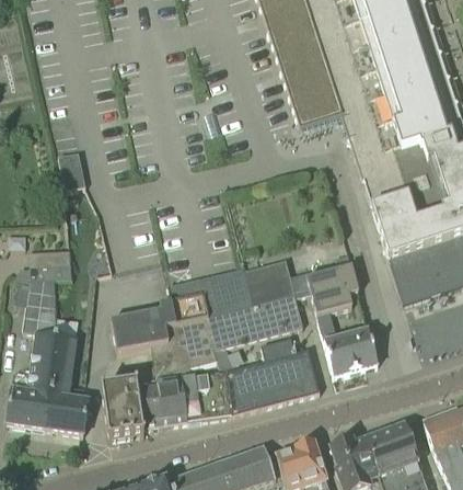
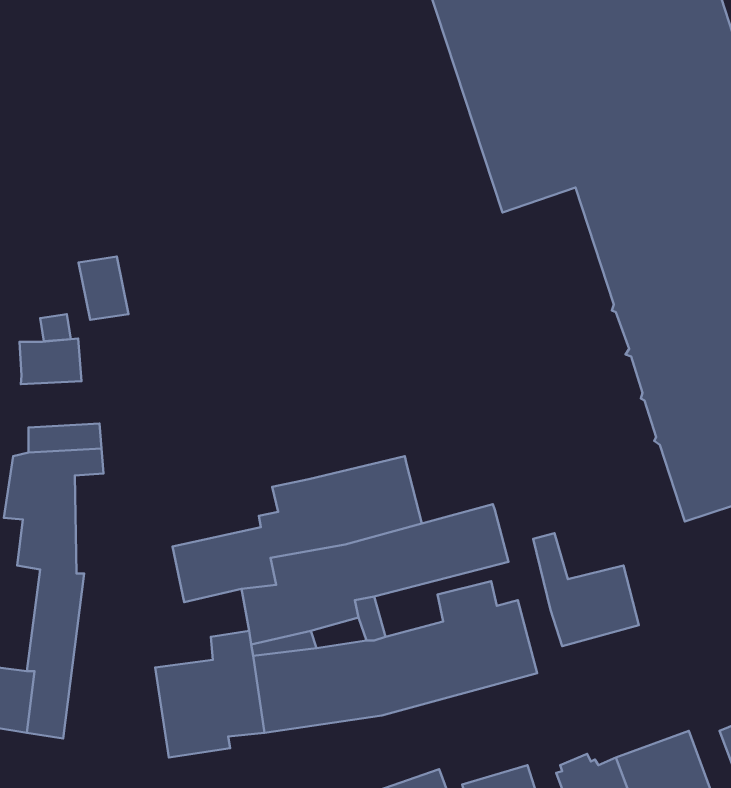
building: none -> [19,338,81,384]
building: [245,252,359,314] -> none
building: [49,333,89,432] -> none

